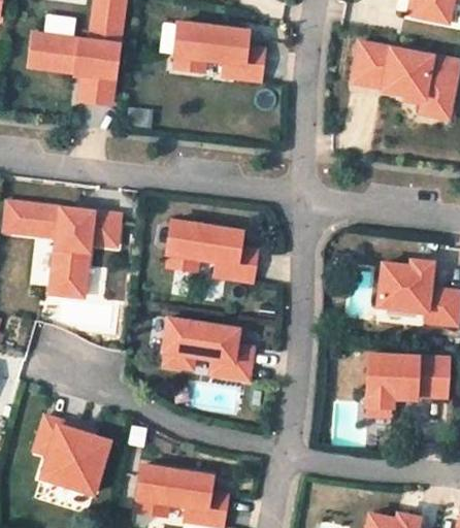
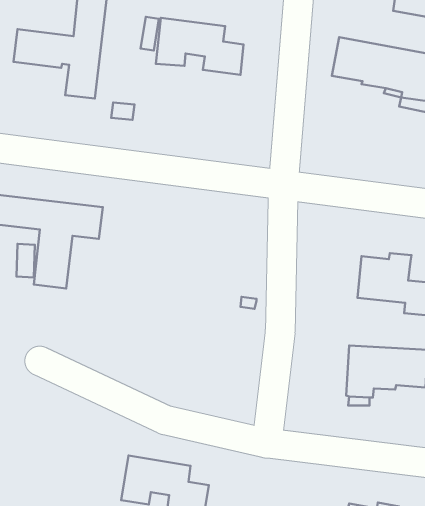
building: [168,221,257,282] -> none
building: [164,319,253,380] -> none
building: [35,419,109,495] -> none

